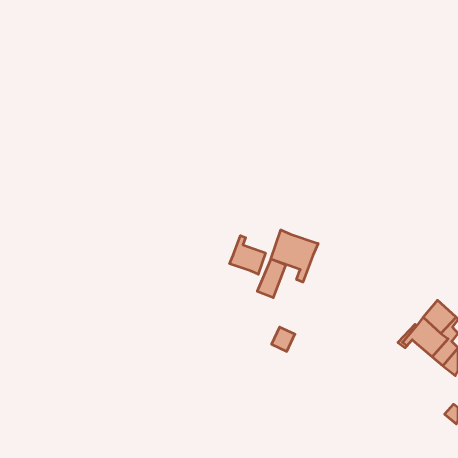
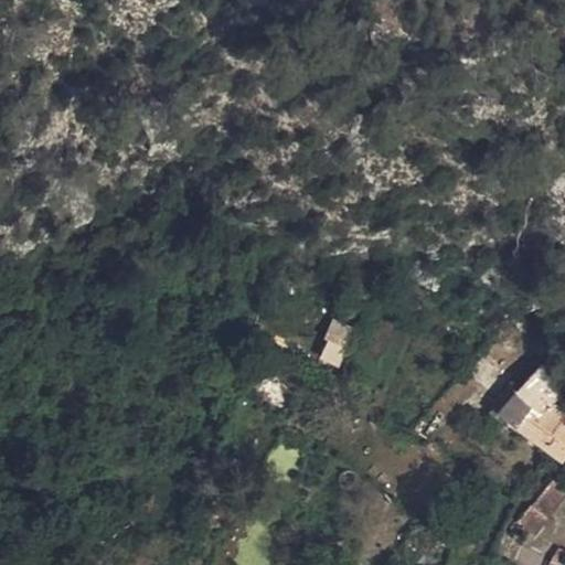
building: [271,230,318,282] -> none
building: [230,236,265,274] -> none

